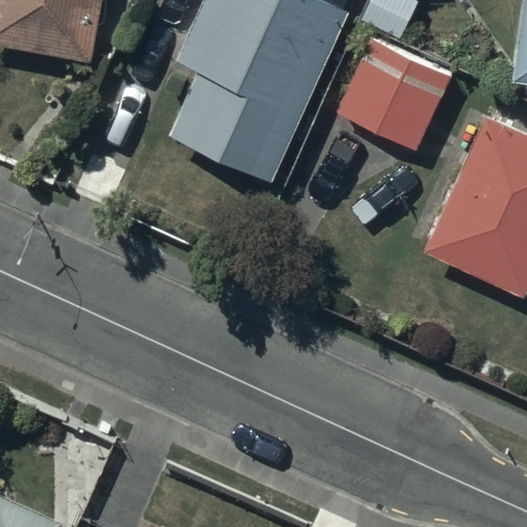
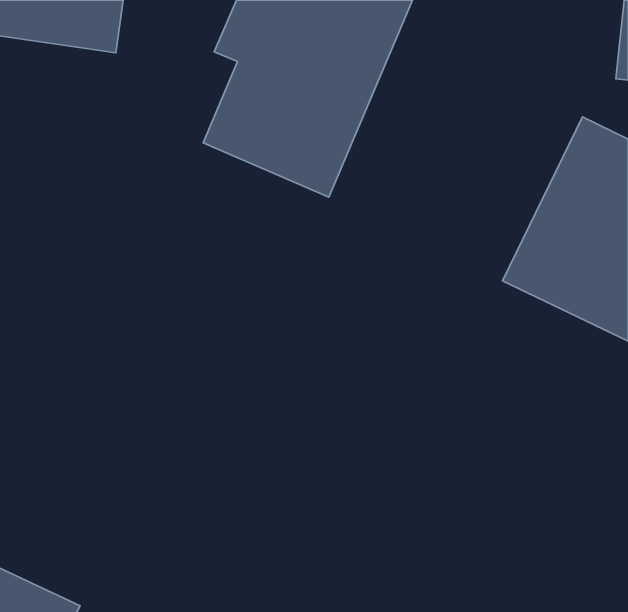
building: [340,40,452,150] -> none

